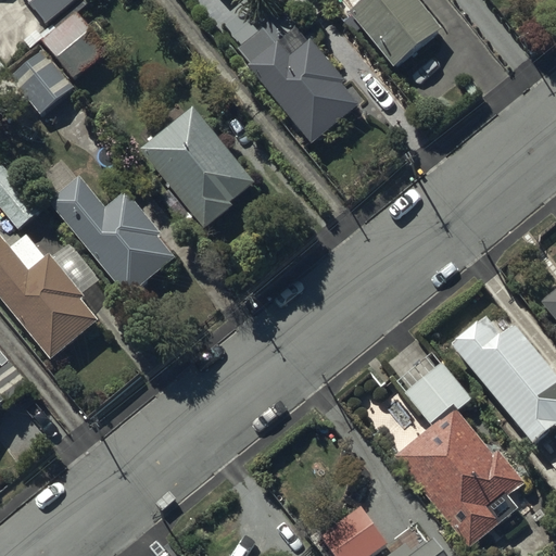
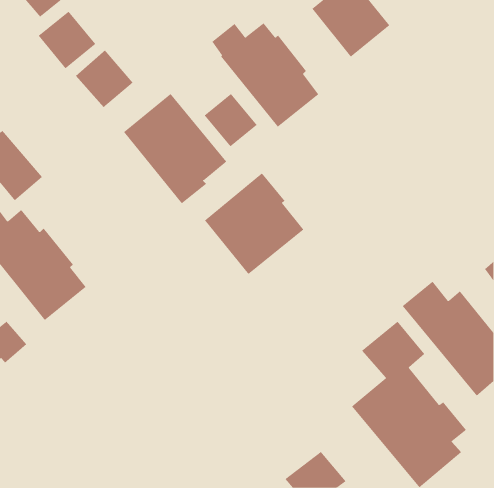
building: [8,47,73,112] -> [75,49,133,108]
building: none -> [204,93,257,147]
building: [47,176,175,296] -> none
building: none -> [204,173,304,275]

